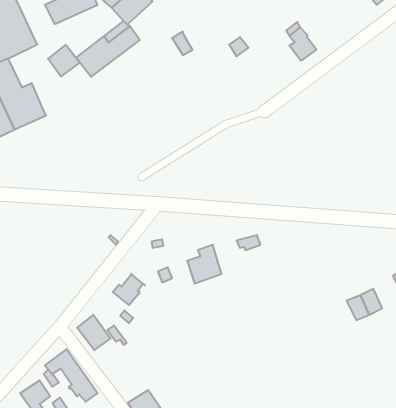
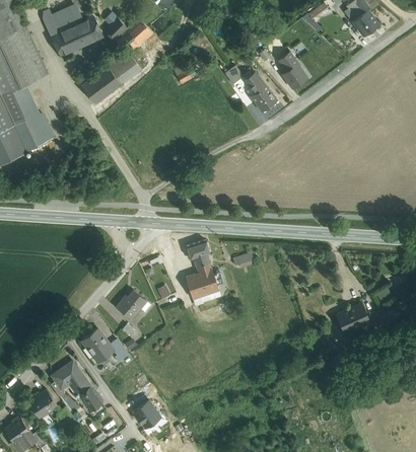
building: [48,45,80,77] -> none
building: none -> [248,76,277,112]
building: none -> [187,240,210,268]

